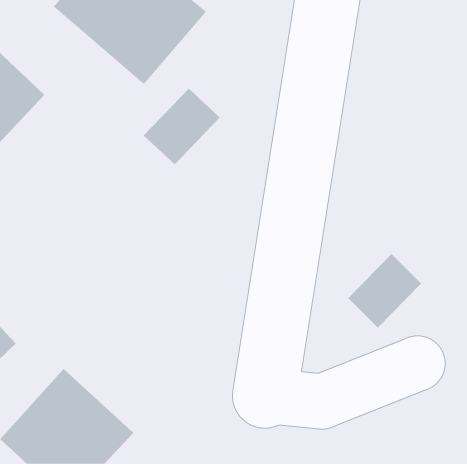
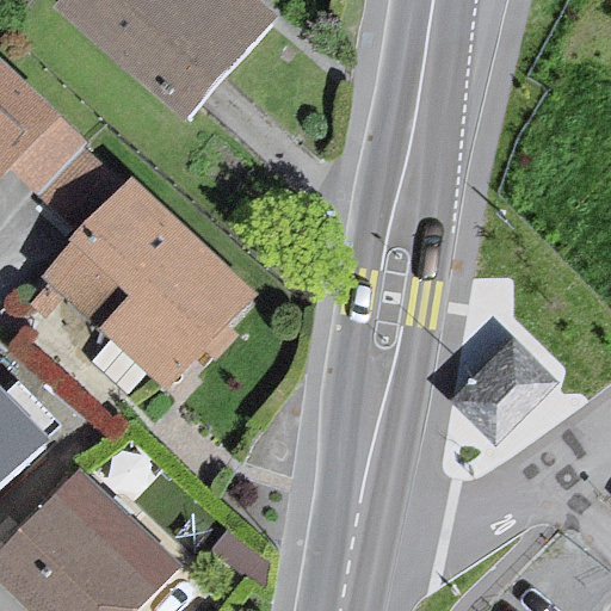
building: [143,88,220,165] -> none
building: none -> [51,187,252,387]

